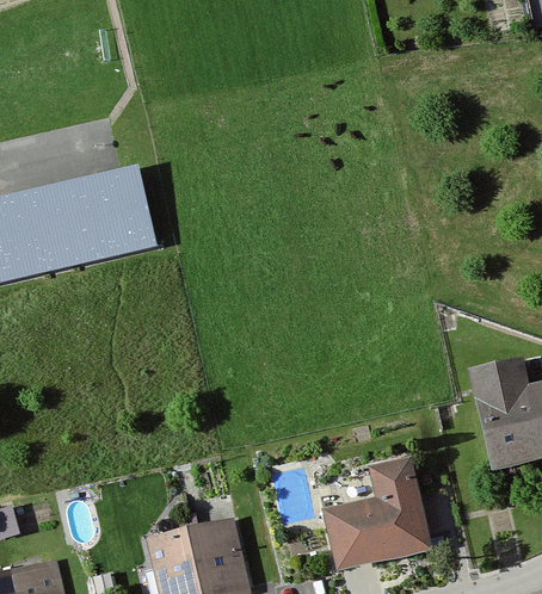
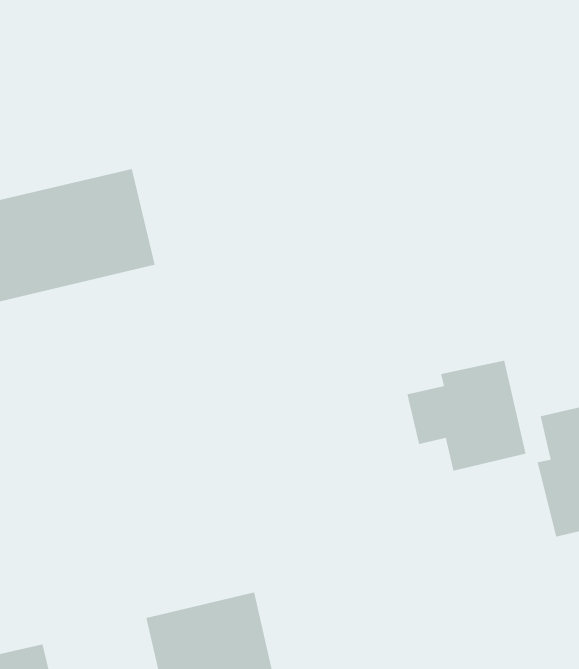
building: none -> [407,360,526,471]
building: [321,456,431,573] -> none

